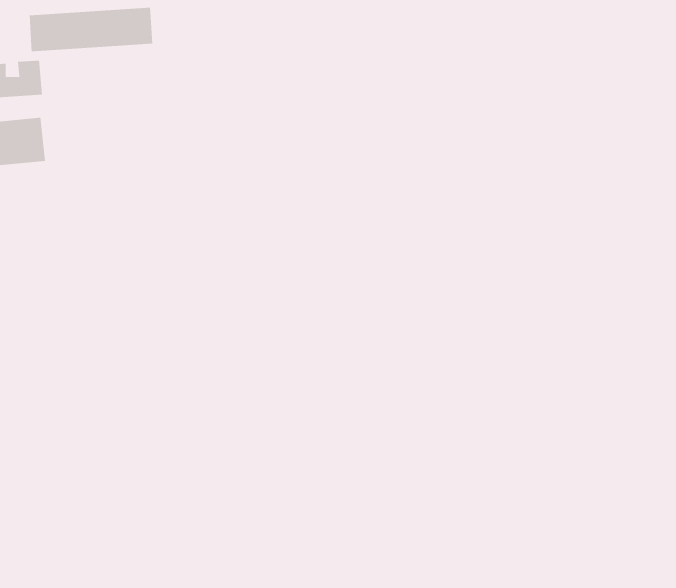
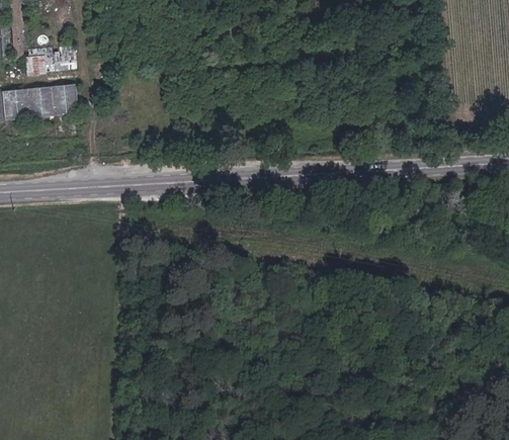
building: [29,7,153,52] -> none

